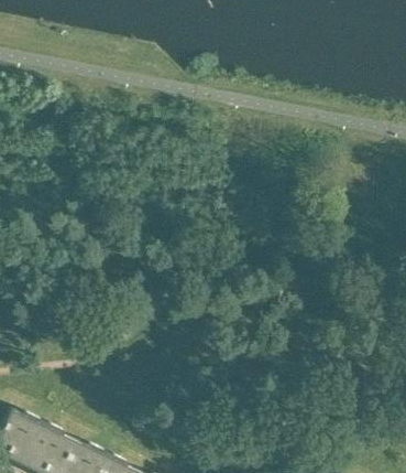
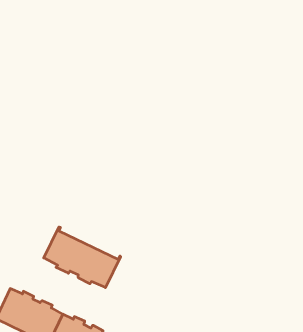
building: none -> [44,227,121,288]

